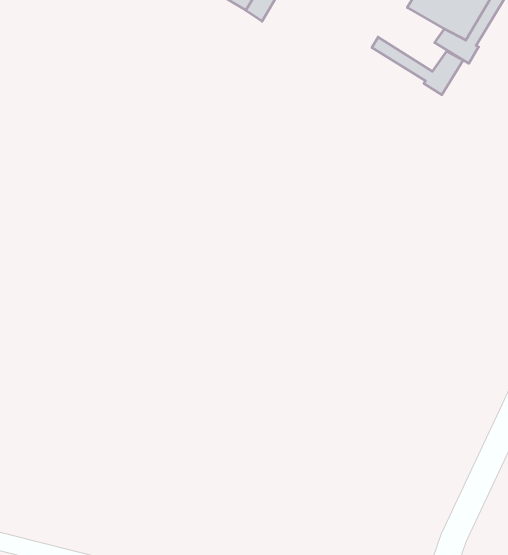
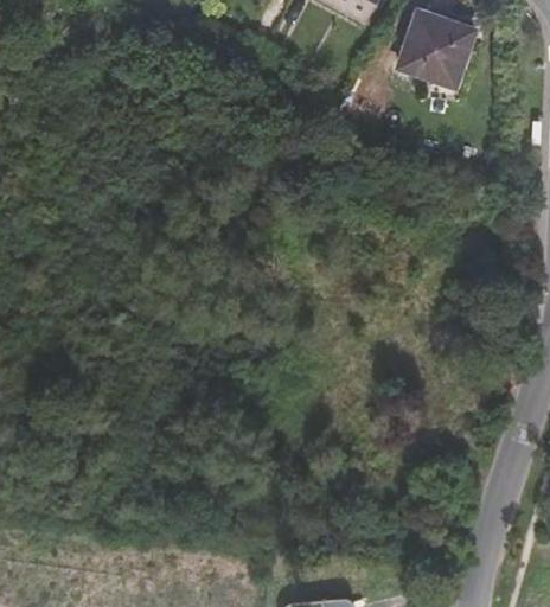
building: [372,37,463,95] -> none

